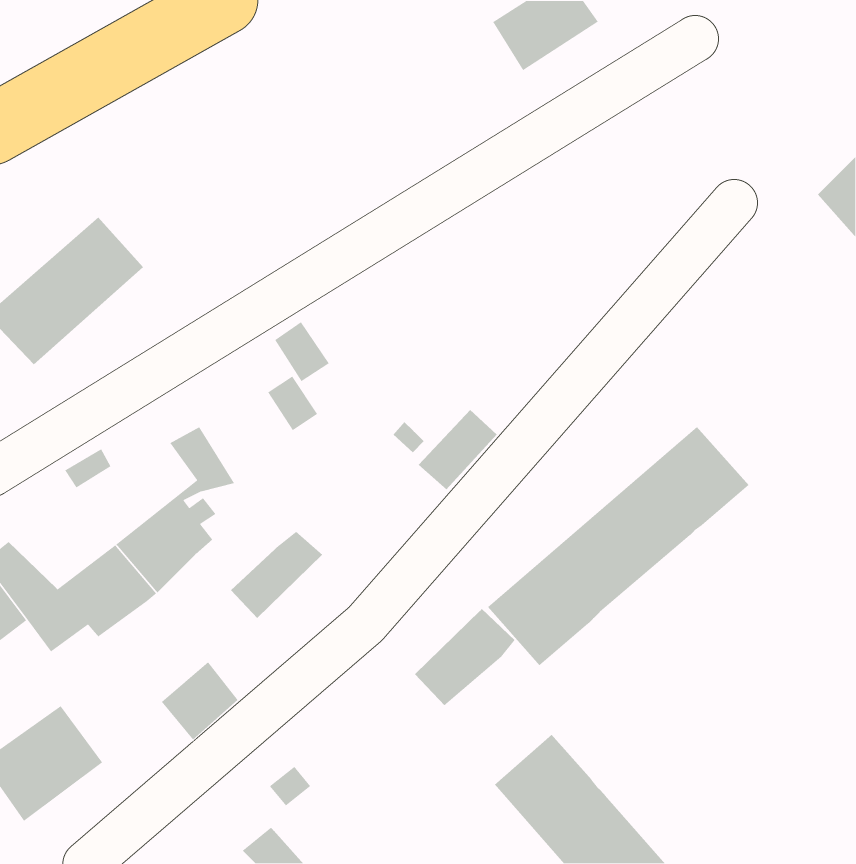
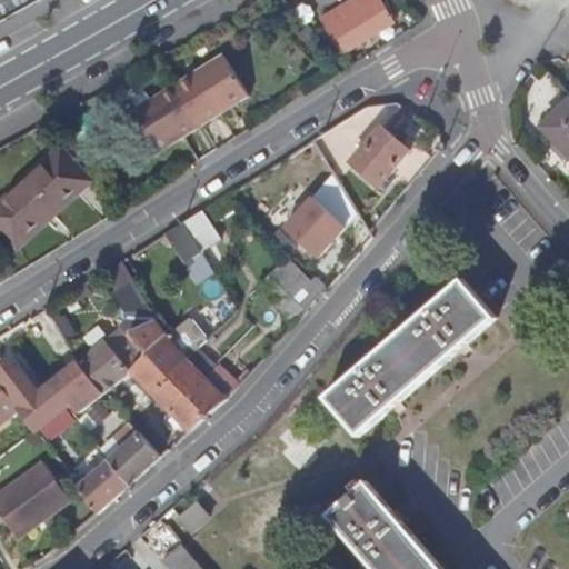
building: none -> [136,54,252,150]
building: none -> [349,121,407,181]
building: none -> [270,191,347,259]
building: none -> [121,310,208,388]
building: [414,608,516,706] -> [169,363,236,428]
building: none -> [73,461,127,516]

